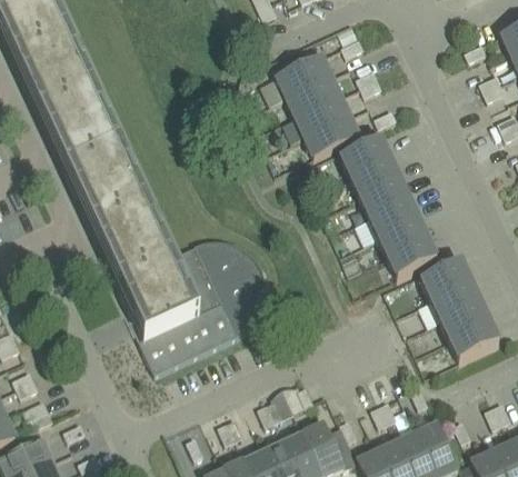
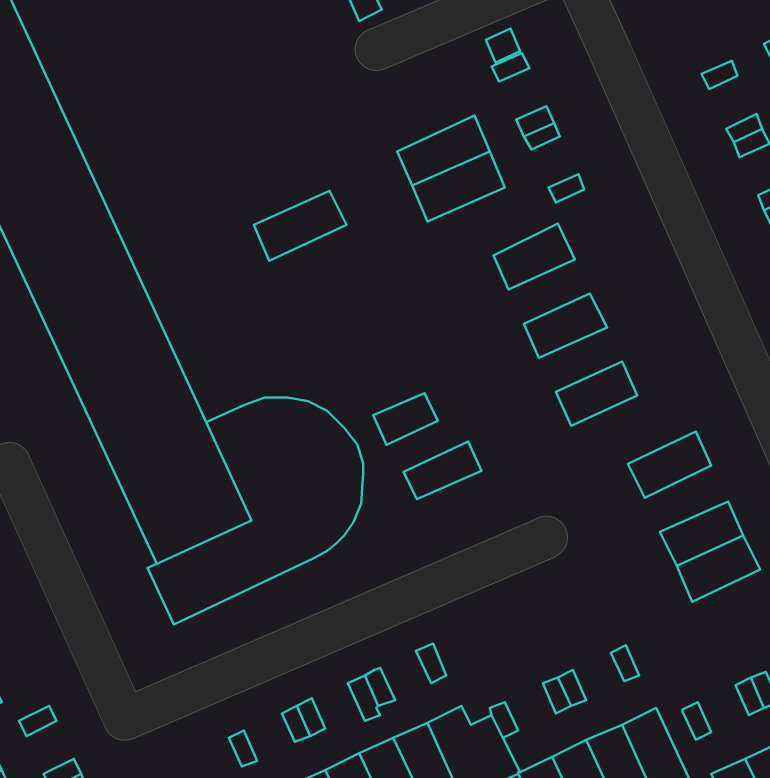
building: [277,53,331,95] -> [254,191,347,261]
building: [303,116,358,156] -> none
building: [351,158,399,196] -> none
building: [369,198,418,236] -> none
building: none -> [373,393,438,445]
building: [388,238,437,276] -> none
building: none -> [403,441,481,499]
building: [431,279,480,318] -> none

